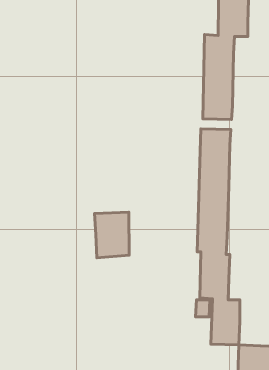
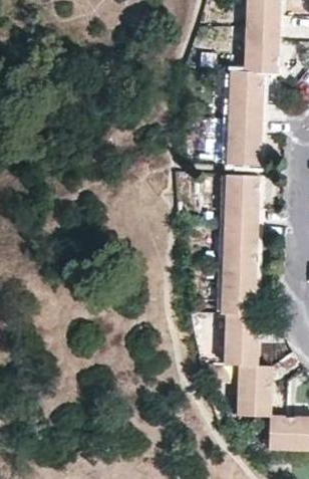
building: [95,212,129,258] -> none

